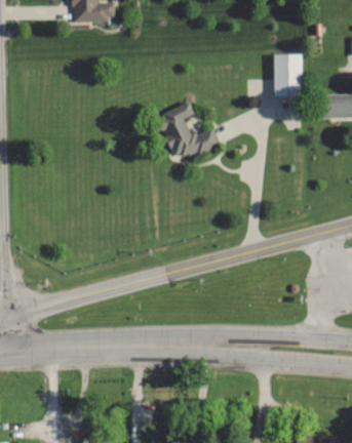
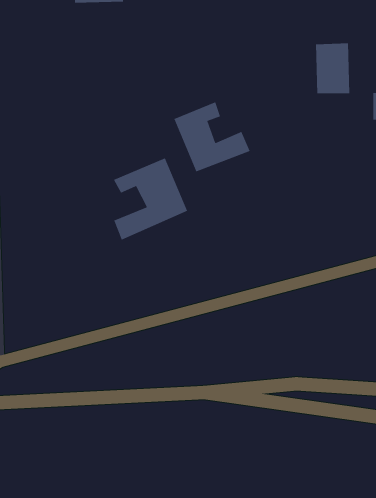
building: none -> [113,157,188,241]

